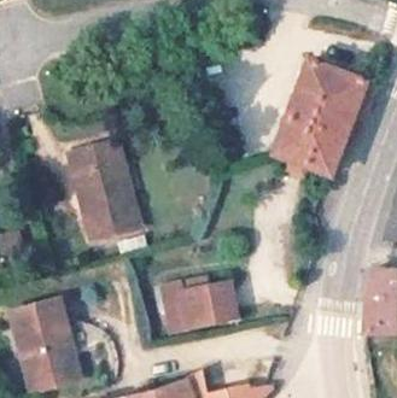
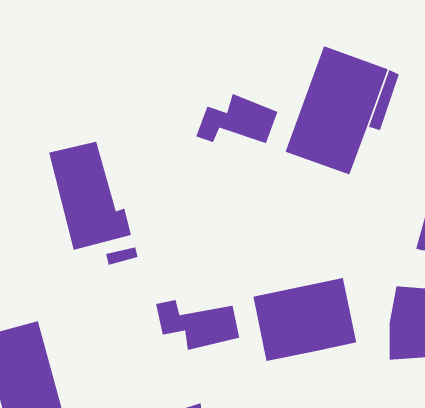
building: none -> [195,93,278,144]
building: none -> [252,277,357,362]

